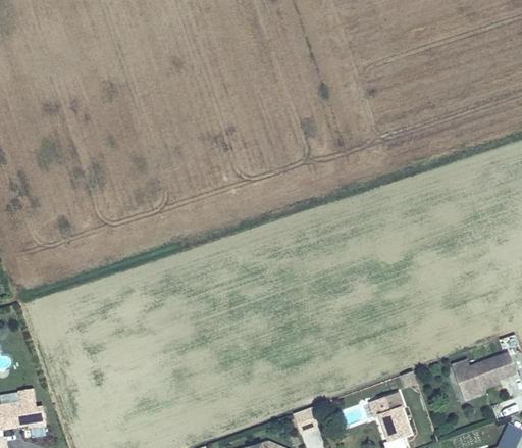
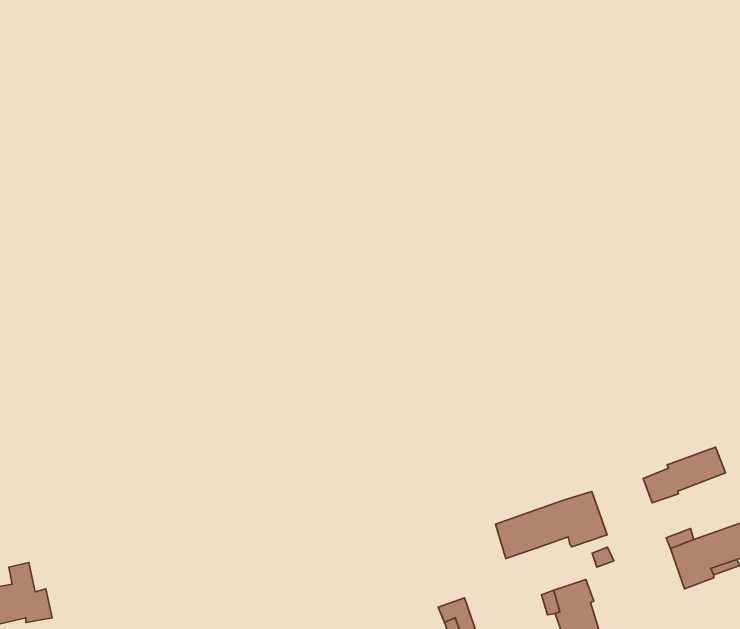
building: none -> [643,447,725,503]
building: none -> [496,492,607,559]

